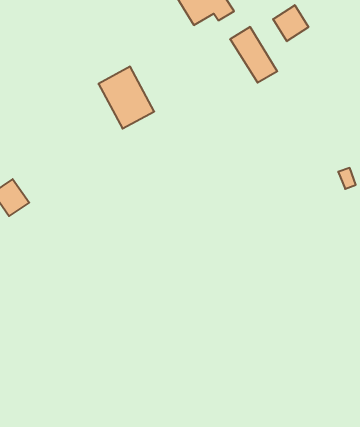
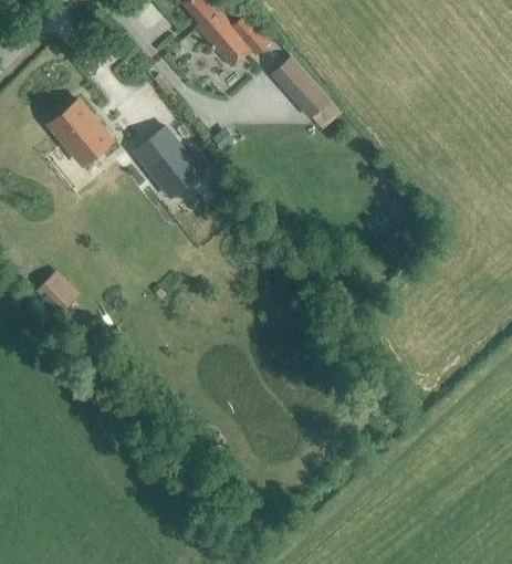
building: [273,5,308,41] -> none
building: none -> [51,103,113,167]

